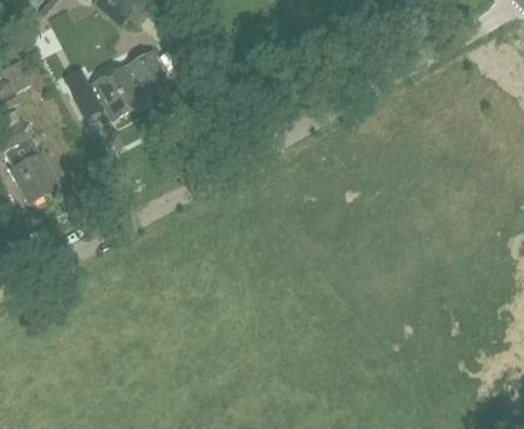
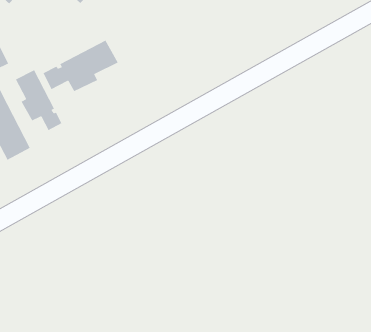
building: none -> [15,69,63,131]

